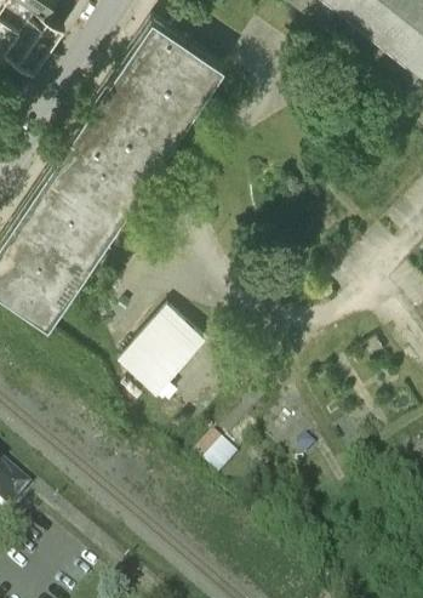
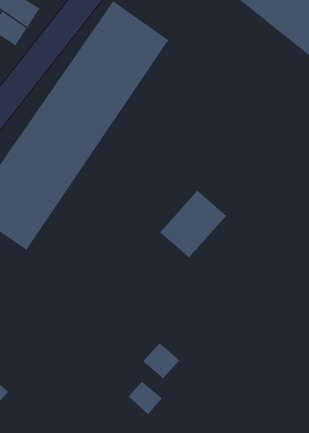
building: [126,306,208,389] -> [159,190,227,258]
building: none -> [128,381,163,415]

